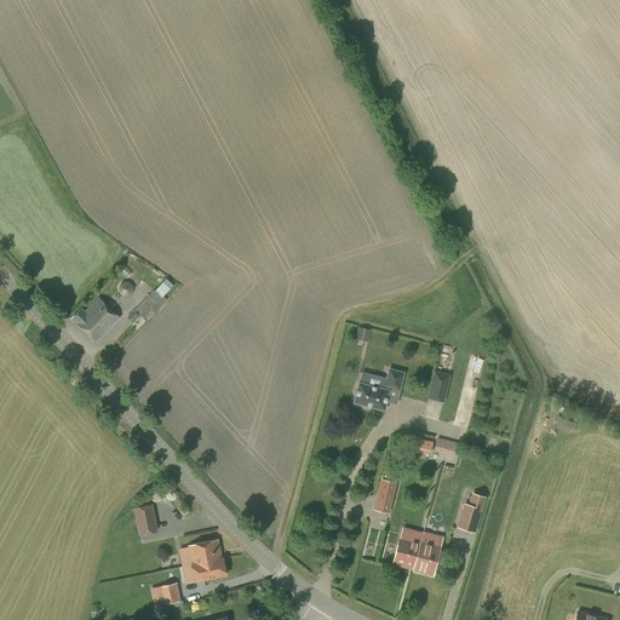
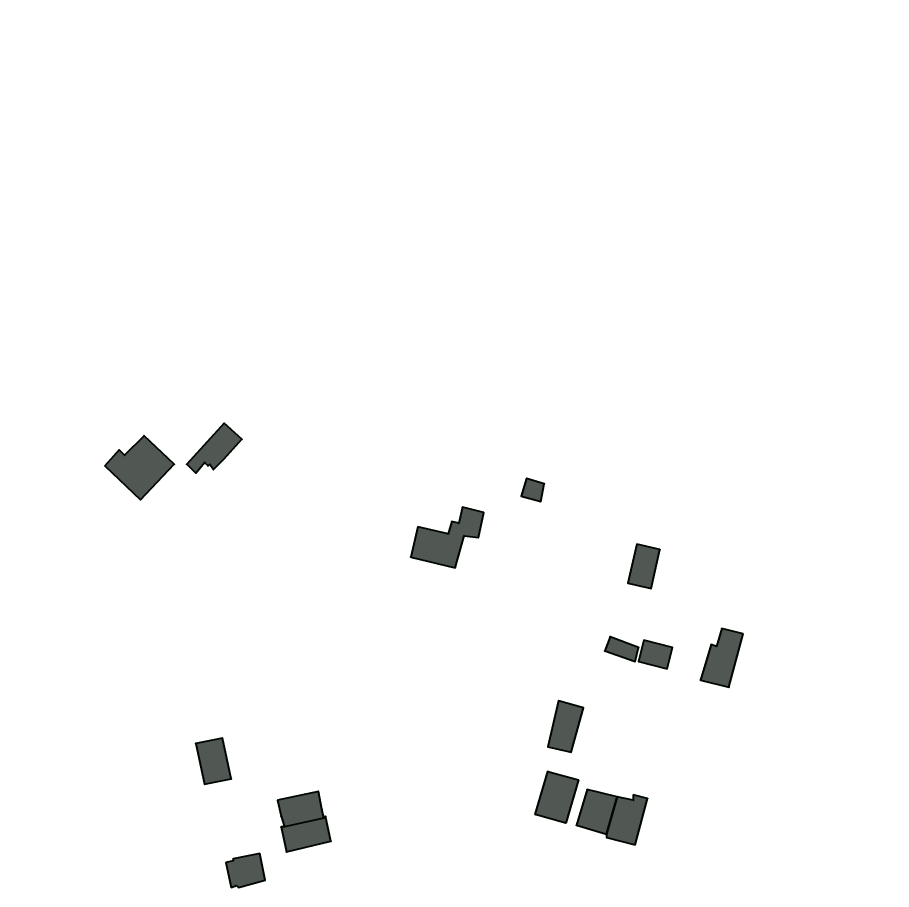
building: [354,368,403,409] -> [411,507,484,568]
building: [457,492,486,532] -> [700,629,743,687]
building: none -> [535,771,578,823]

